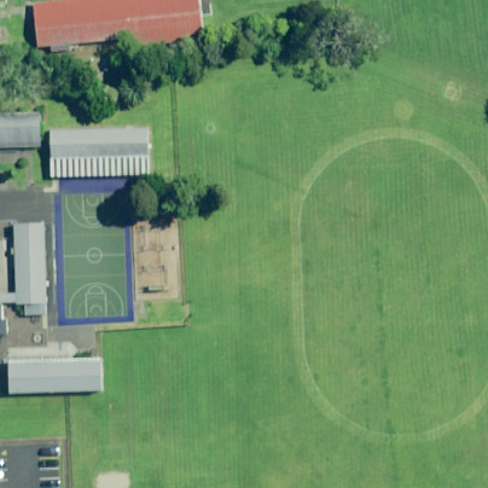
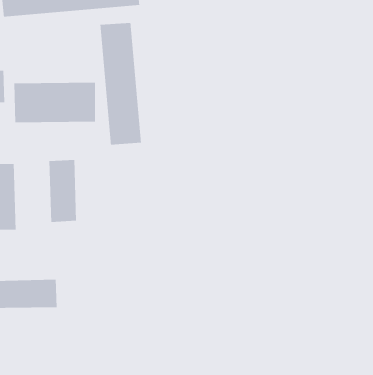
building: none -> [100,22,142,145]
building: none -> [48,159,77,223]

